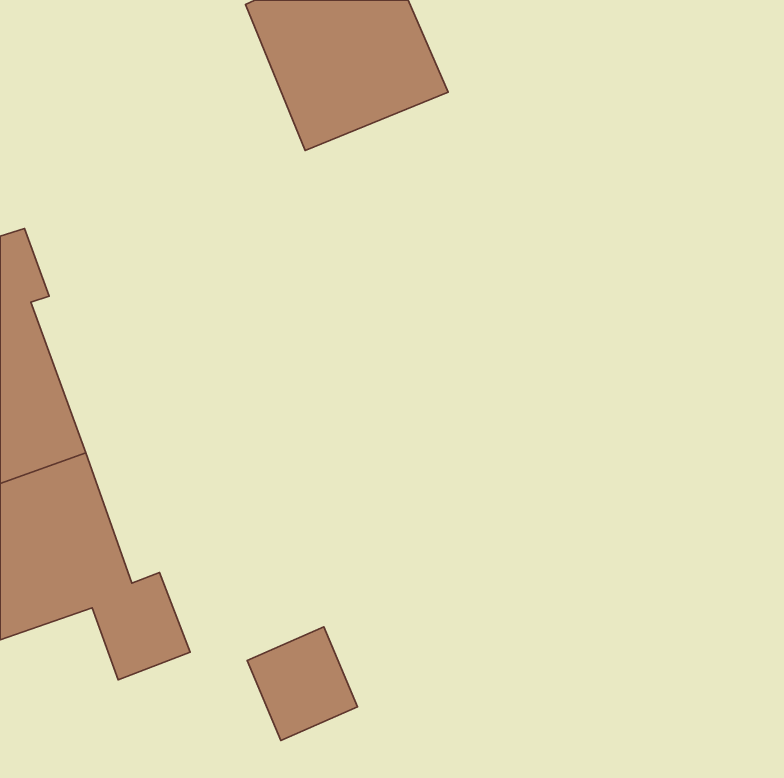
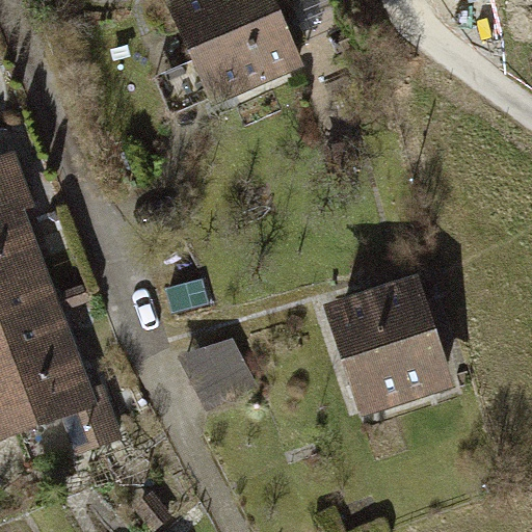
building: none -> [321,267,454,418]
building: [247,627,358,740] -> [185,334,260,410]

